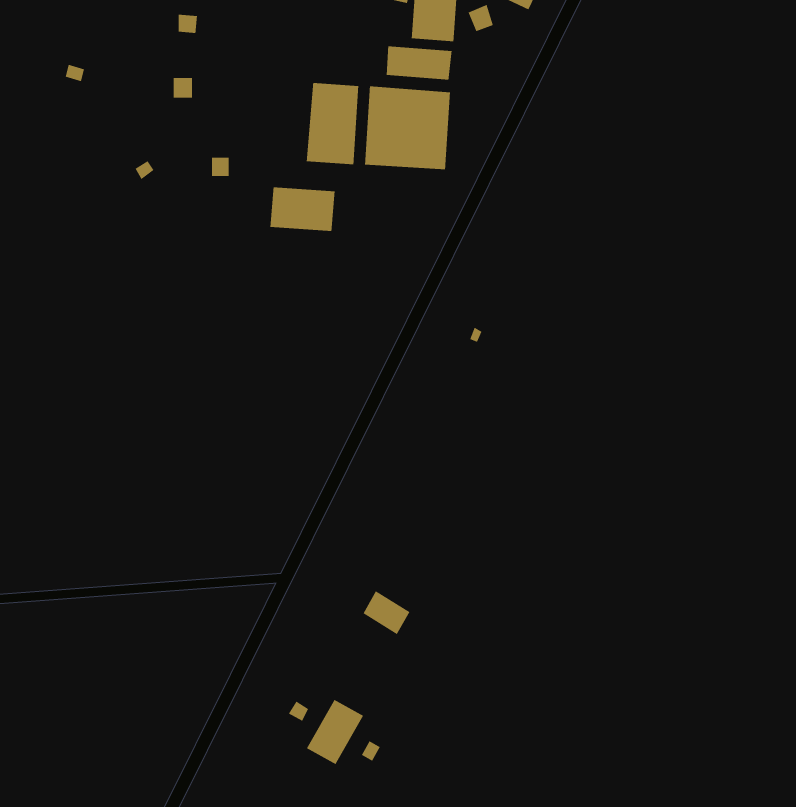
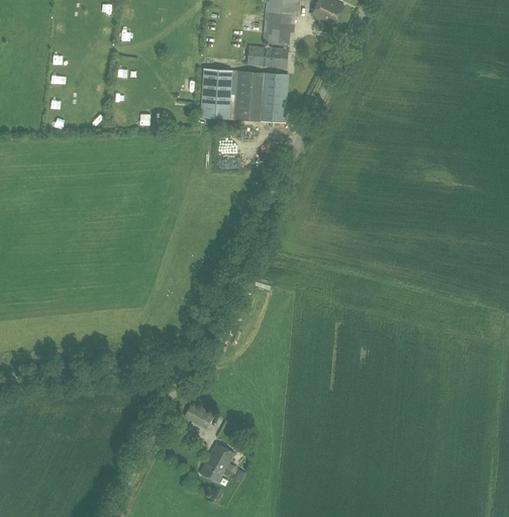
building: [270,186,335,232] -> none
building: [362,590,411,635] -> [185,402,214,429]

